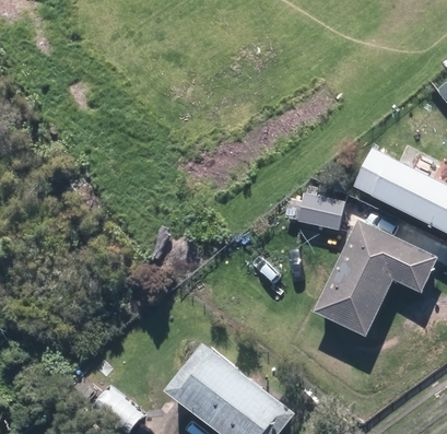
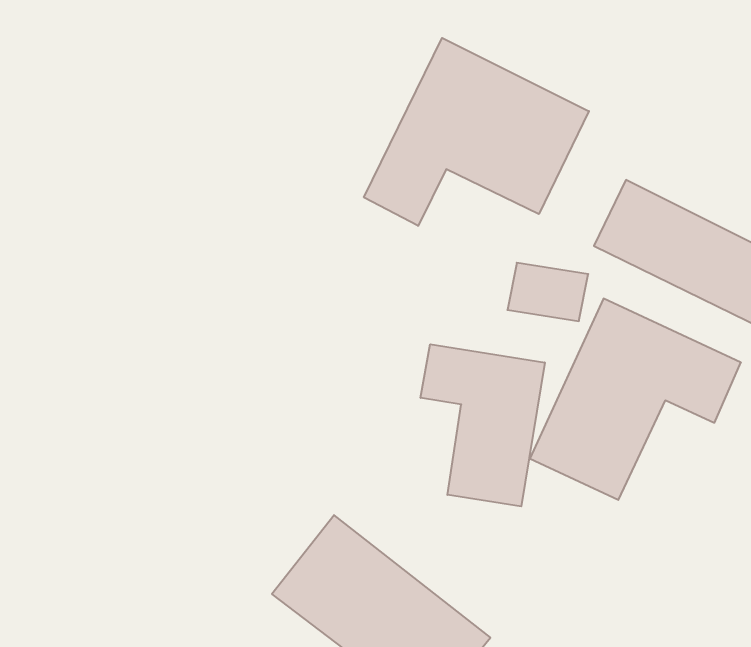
building: none -> [364,38,589,226]
building: none -> [421,344,545,506]

